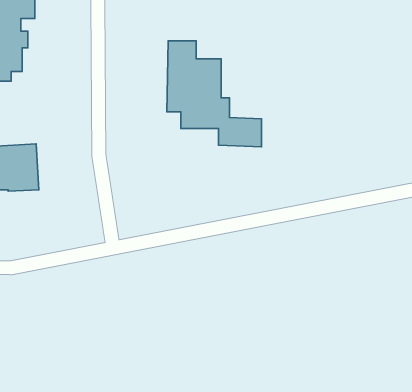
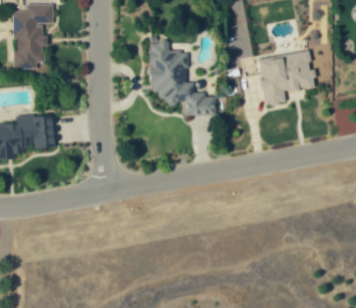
building: none -> [258,50,315,104]

